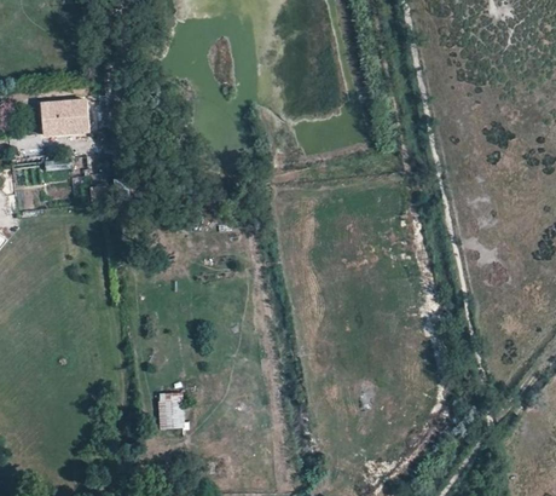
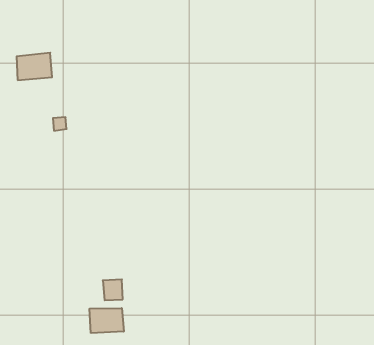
building: none -> [90,308,124,333]

